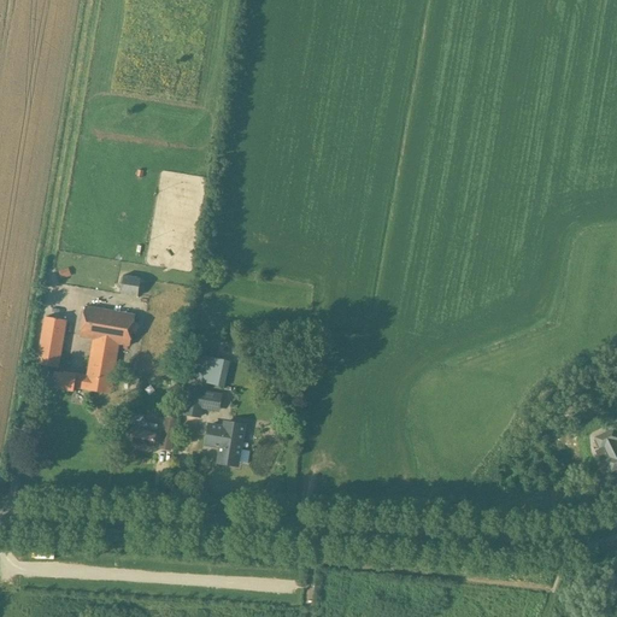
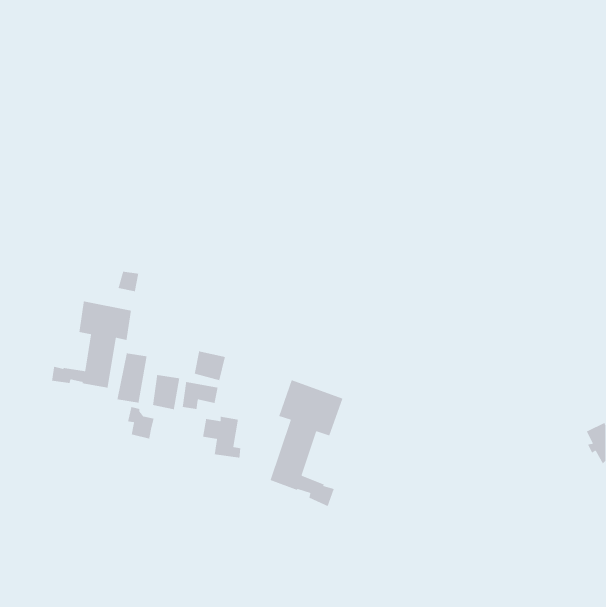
building: [35,316,66,368] -> [117,352,147,403]
building: none -> [152,374,180,410]
building: none -> [269,379,343,507]

